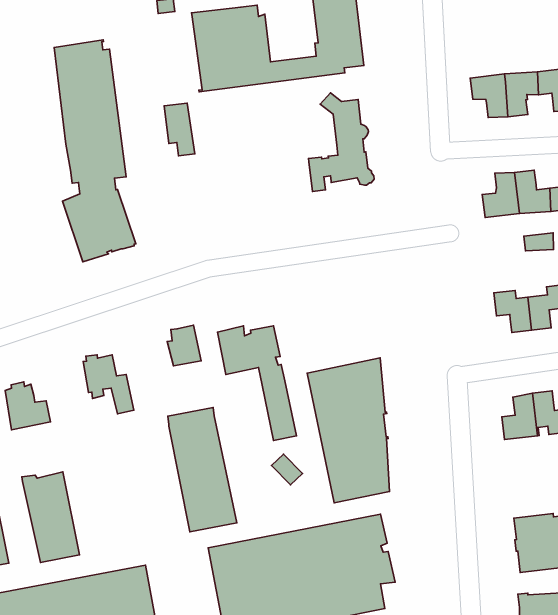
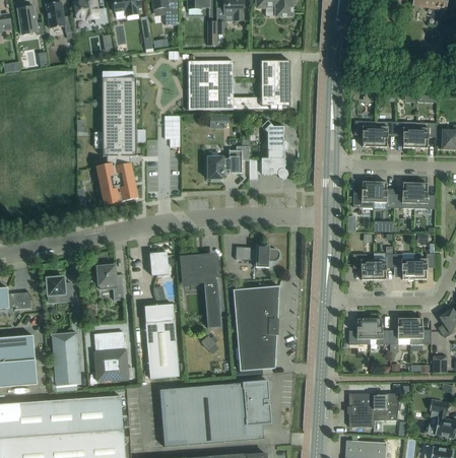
building: none -> [205,146,249,181]
building: none -> [235,244,279,267]
building: none -> [93,331,128,381]

